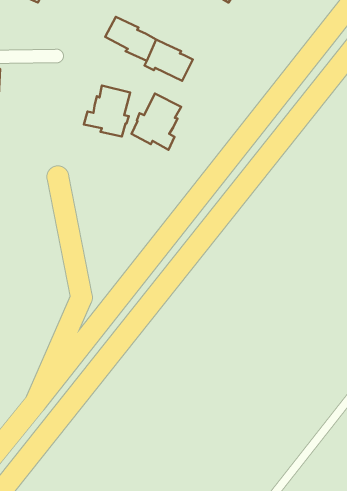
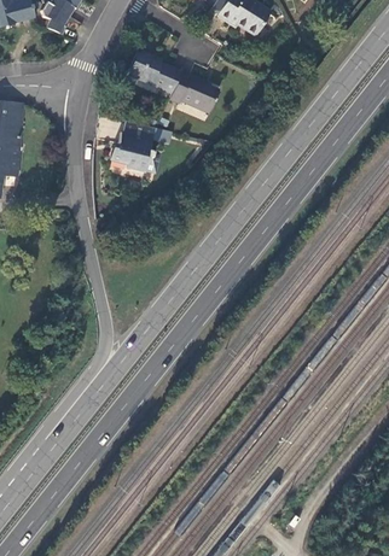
building: [132,93,181,150] -> none

